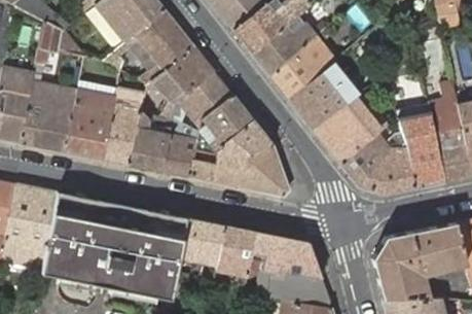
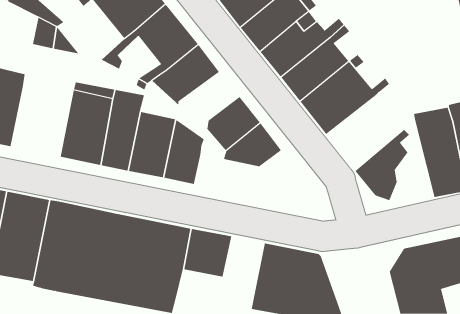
building: [173,72,232,132] -> none
building: [20,81,77,151] -> none
building: [313,94,386,165] -> none
building: [372,133,413,196] -> none
building: [190,145,289,196] -> none
building: [217,225,255,284] -> none

